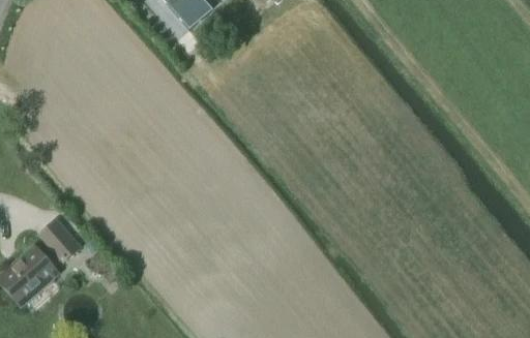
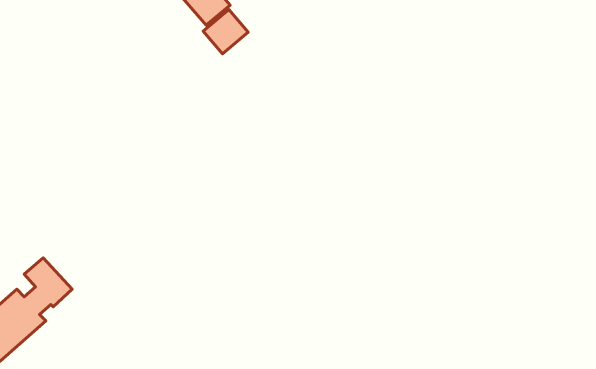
building: none -> [203,10,248,54]

